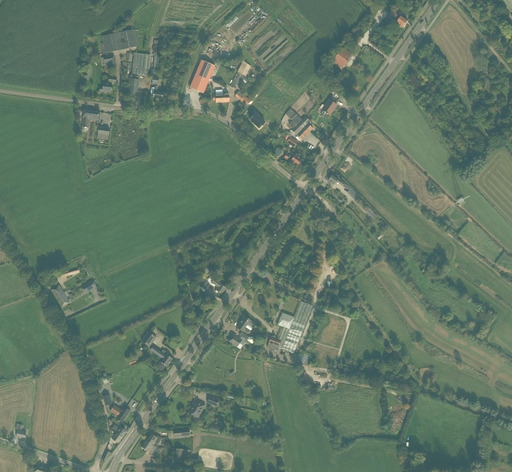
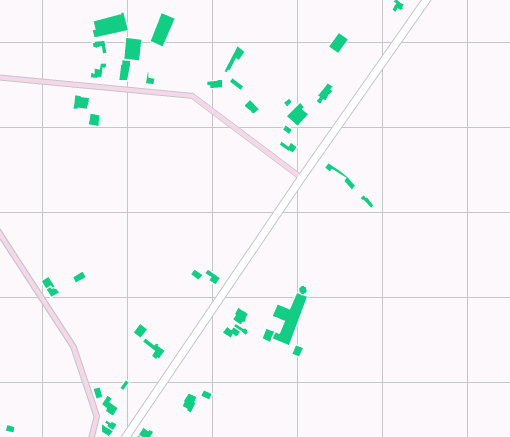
building: [190,59,215,93] -> [150,12,175,47]

